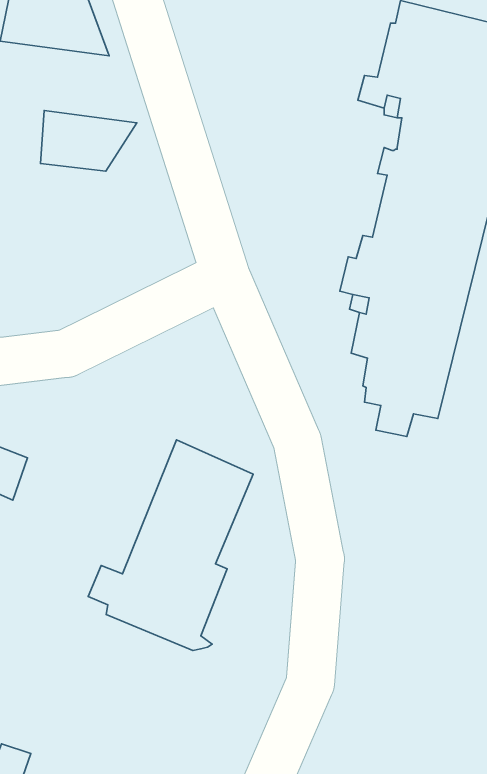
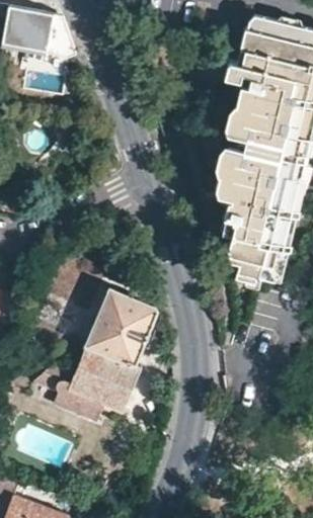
building: [41,110,137,171] -> none

